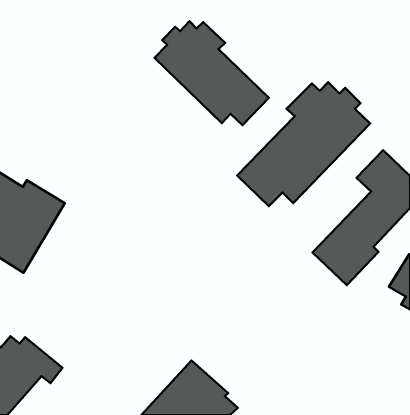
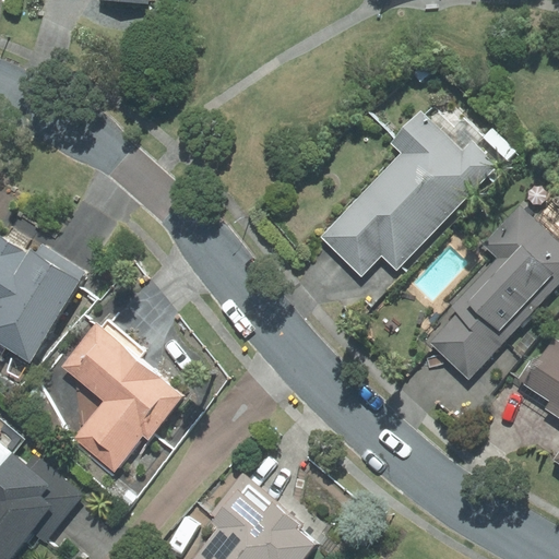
building: [154,21,269,125] -> none
building: none -> [62,316,190,473]

